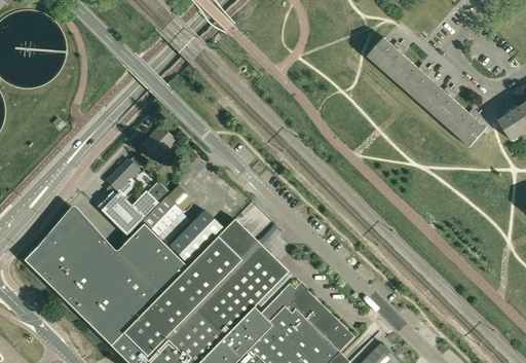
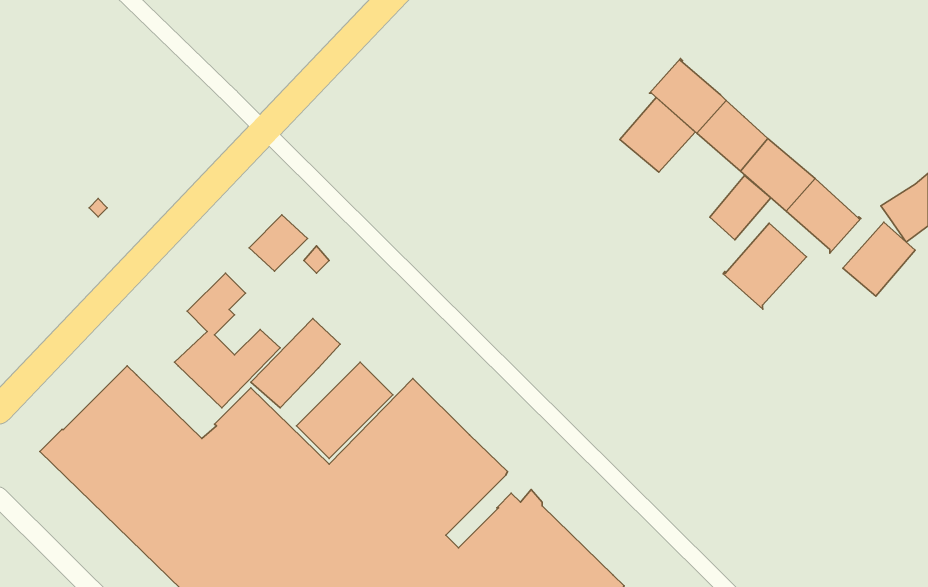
building: none -> [620,97,695,172]
building: none -> [710,176,771,240]
building: none -> [843,222,915,296]
building: none -> [723,223,807,309]

